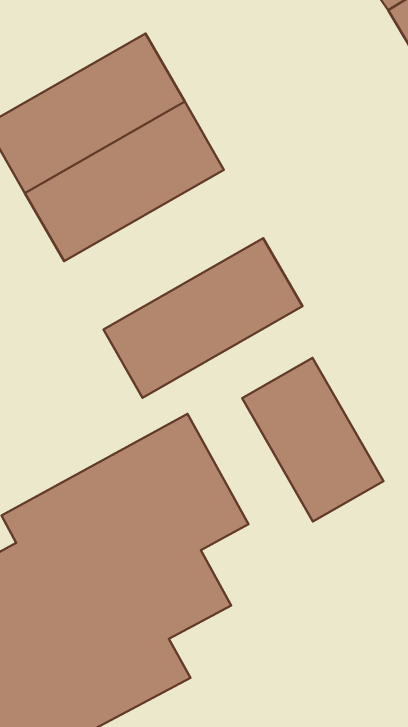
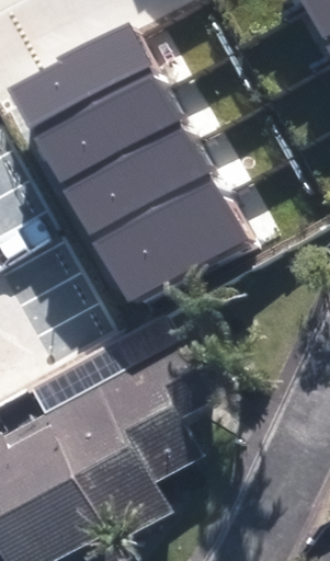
building: none -> [69,135,219,255]
building: [242,358,383,521] -> none

